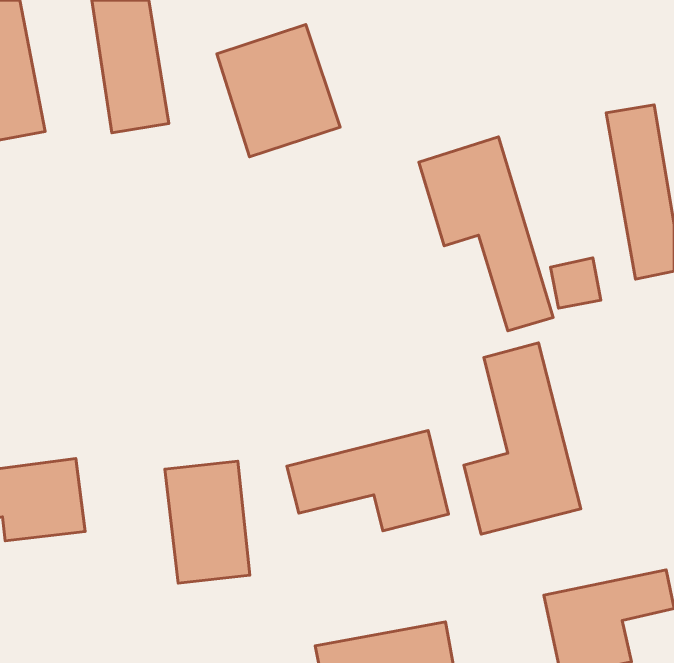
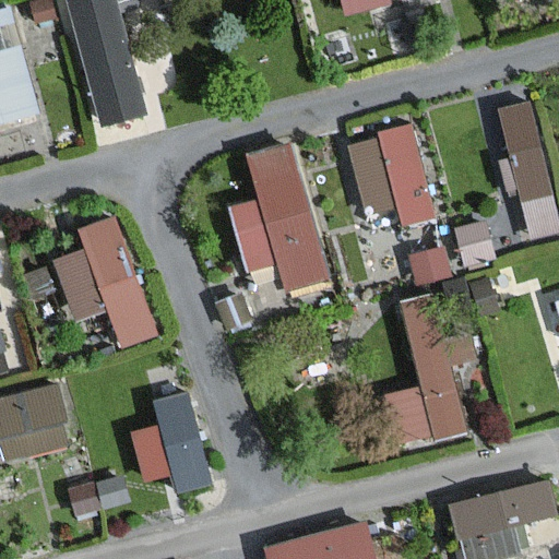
building: [217,25,340,157] -> none
building: none -> [224,142,335,297]
building: none -> [52,229,151,348]
building: [287,431,448,531] -> none

